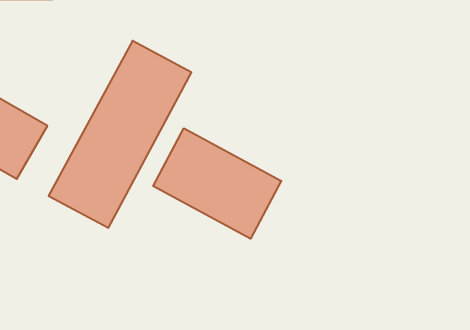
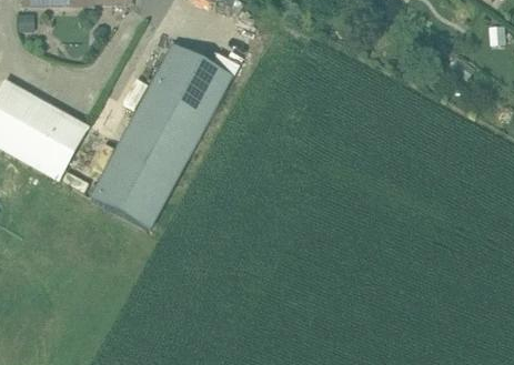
building: [153,128,281,239] -> none

